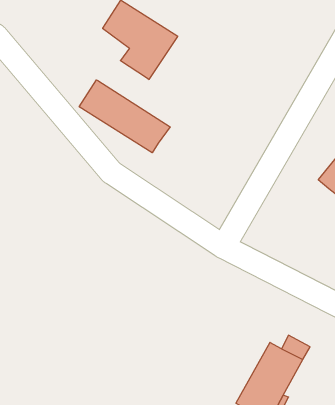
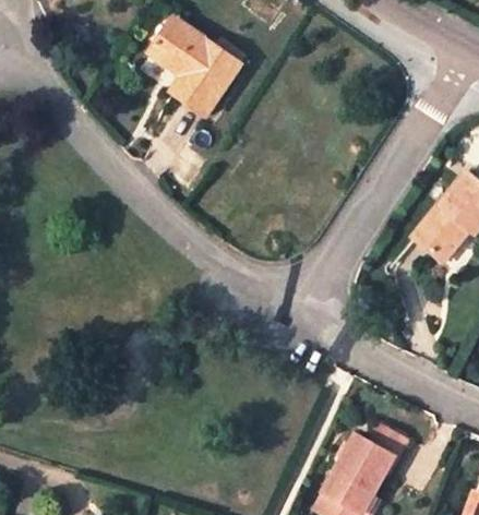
building: [79,80,170,153] -> none

